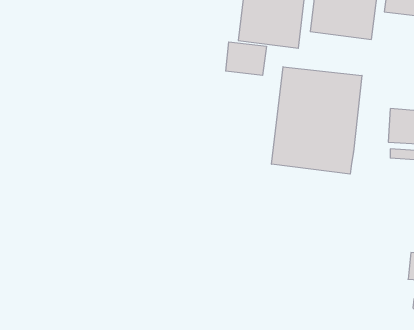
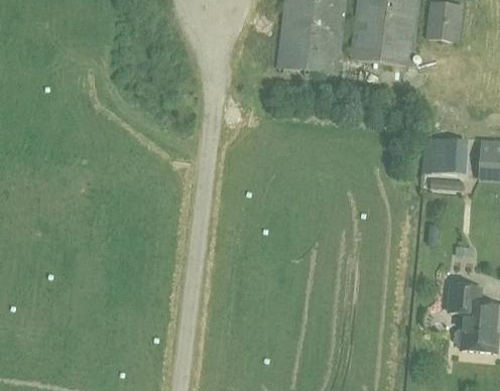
building: [226,42,266,75] -> none
building: [272,67,362,174] -> none

